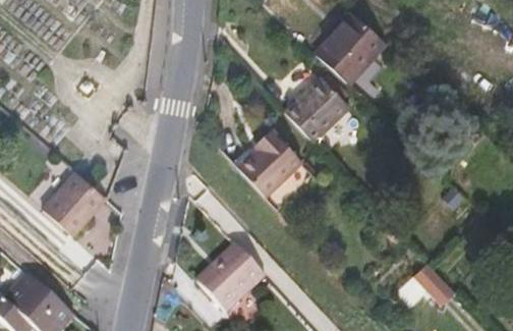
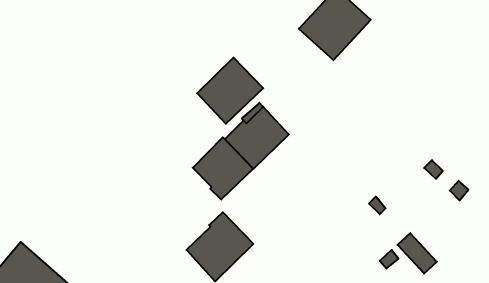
building: [283,73,351,142] -> [197,58,263,124]
building: none -> [193,137,253,200]
building: [42,170,106,235] -> none

